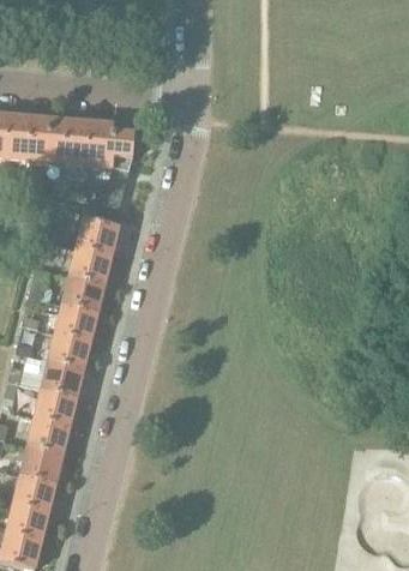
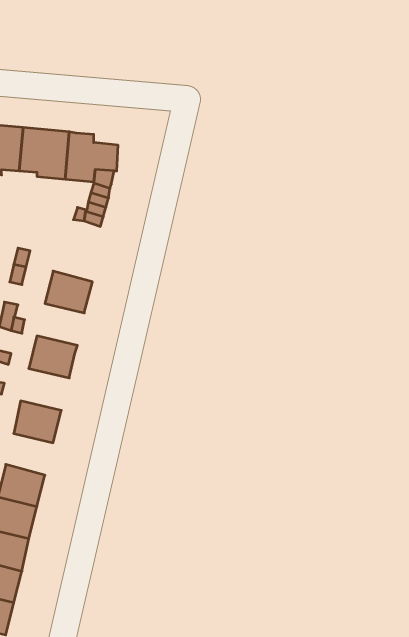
building: [77,217,119,256] -> none
building: [62,275,104,312] -> none
building: [48,332,91,369] -> none
building: [35,390,77,427] -> none

